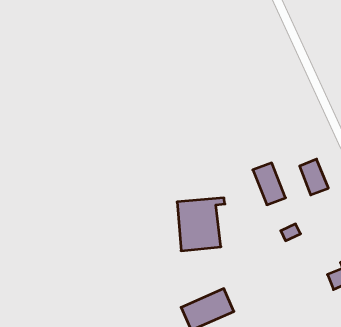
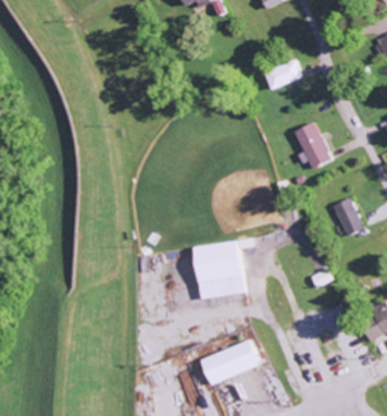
building: none -> [265,59,303,90]
building: [253,163,286,205] -> [296,123,332,169]

